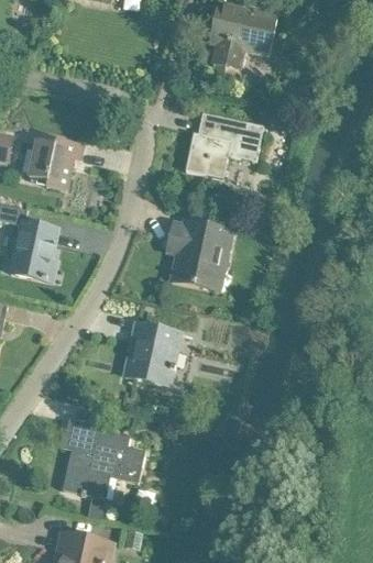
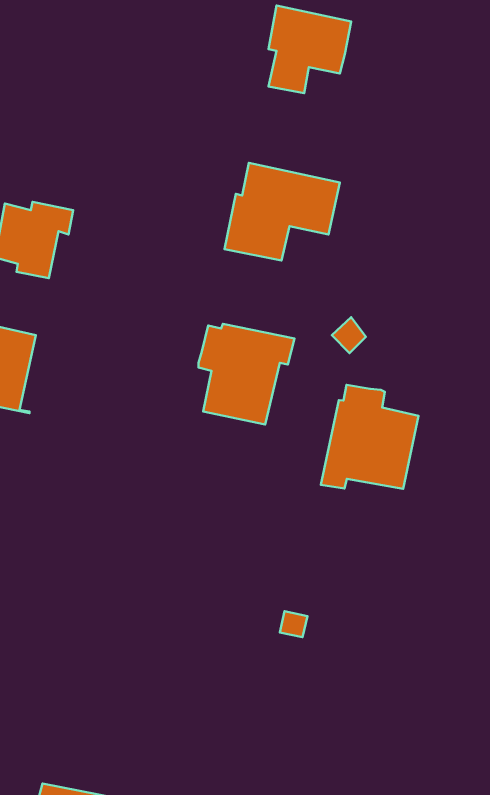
building: none -> [321,385,419,489]
building: [123,322,182,385] -> none
building: [63,426,145,499] -> none

